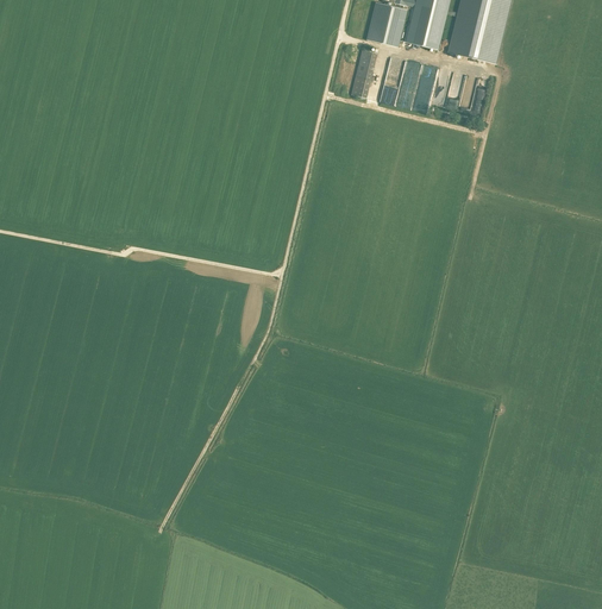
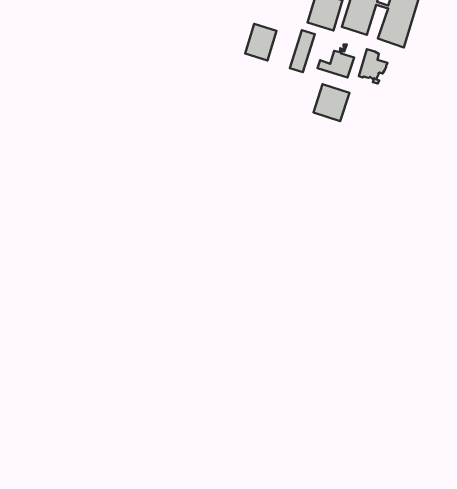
building: none -> [245,24,277,61]
building: none -> [314,84,349,121]

